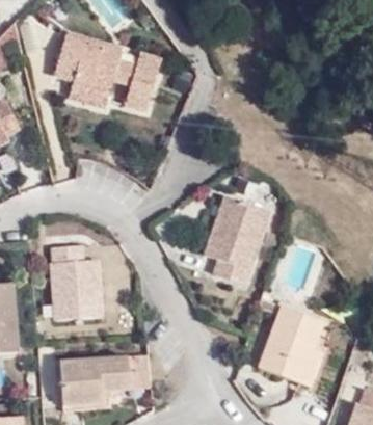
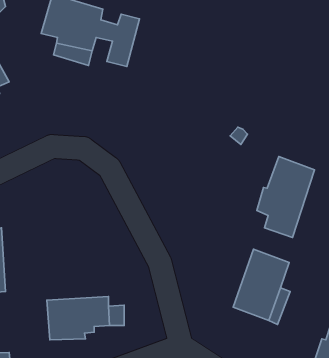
building: [206,196,268,284] -> [257,156,315,238]
building: [50,245,100,320] -> none

